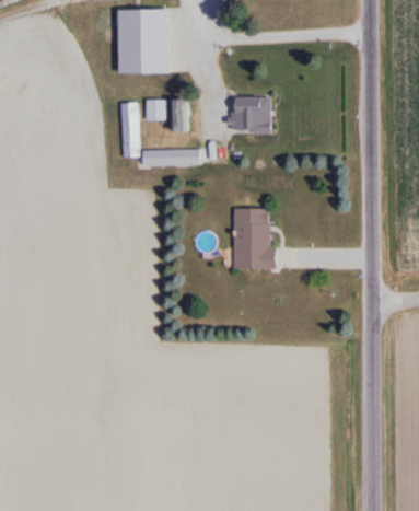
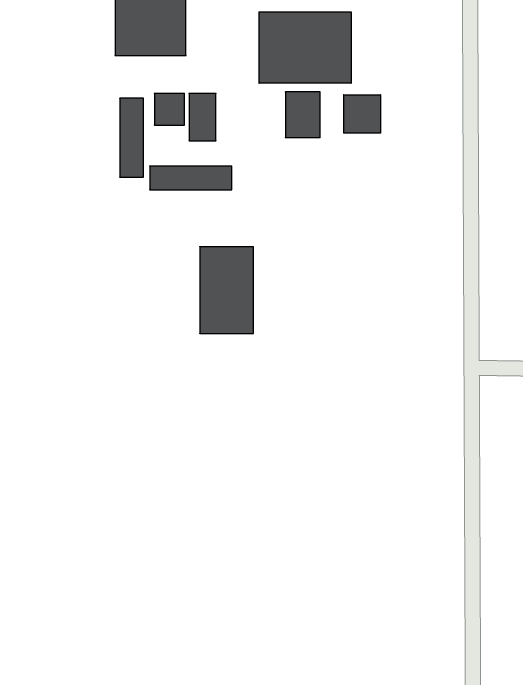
building: none -> [259,12,351,83]
building: none -> [344,95,380,133]
building: [234,209,271,269] -> [200,247,253,333]

